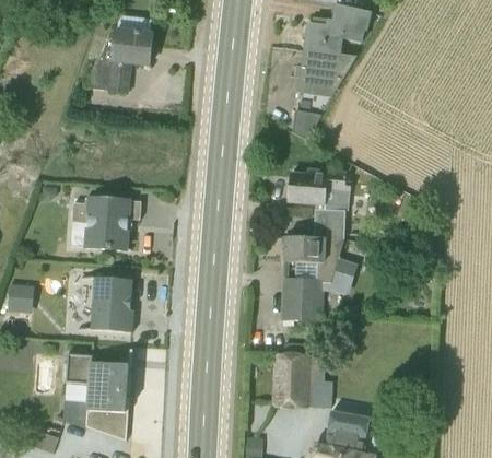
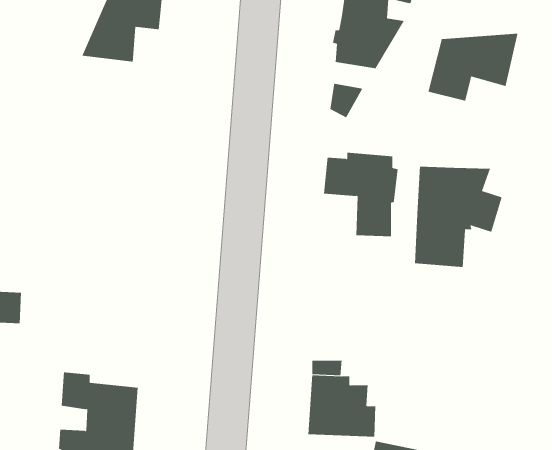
building: none -> [428,33,518,101]
building: [70,198,140,248] -> none
building: [280,236,354,321] -> [414,166,502,268]
building: [91,277,133,331] -> none

